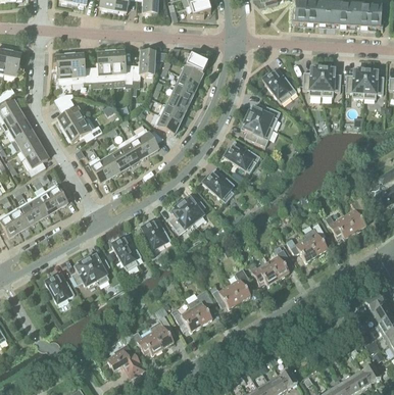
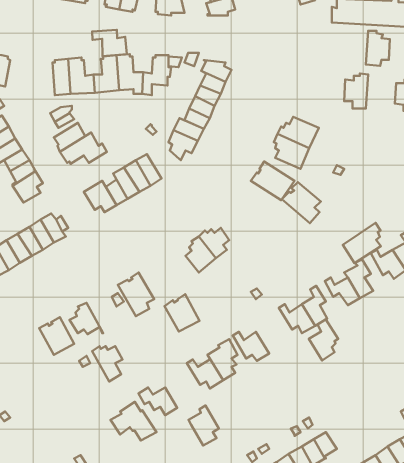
building: none -> [92,30,127,56]
building: [263,66,298,103] -> none
building: [322,66,342,96] -> [366,31,390,66]
building: [137,126,164,154] -> none
building: [203,167,236,202] -> [282,182,321,223]
building: none -> [343,223,381,263]
building: [142,217,171,249] -> [164,294,200,332]
building: [86,255,111,285] -> [92,346,122,381]
building: [229,267,253,302] -> [309,320,338,361]
building: [150,314,176,348] -> [189,405,219,445]

